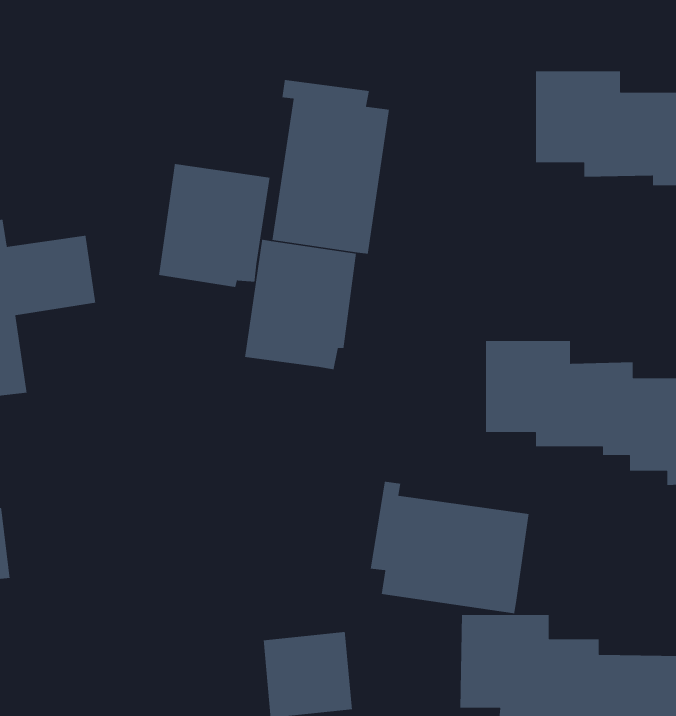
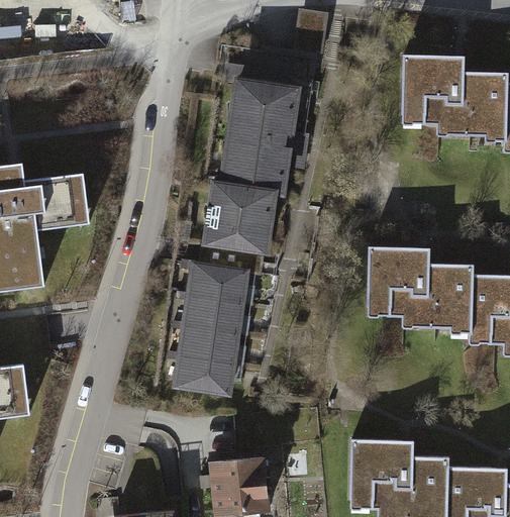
building: [158,163,270,288] -> none
building: none -> [171,260,249,398]
building: [370,481,530,614] -> none

